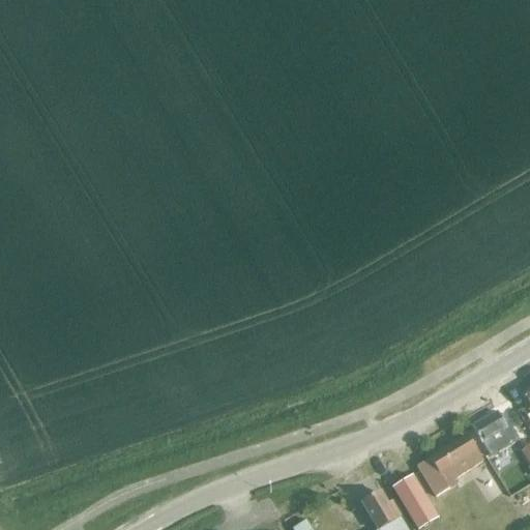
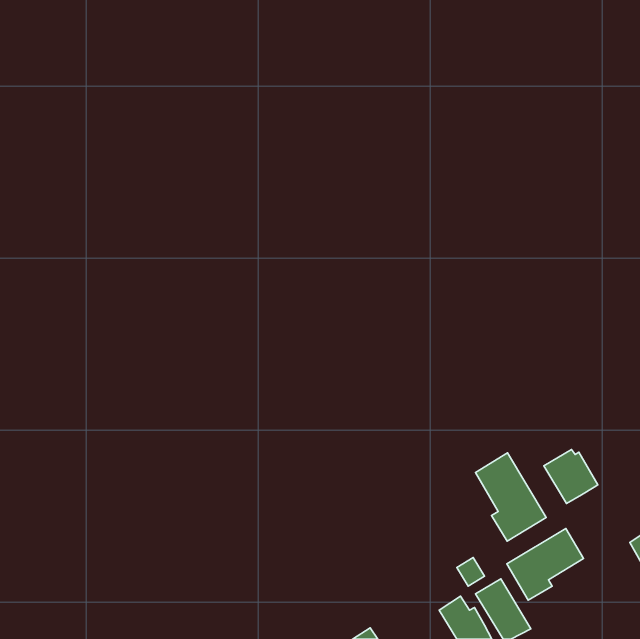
building: none -> [476,453,546,541]
building: [474,411,519,455] -> [544,450,598,504]

